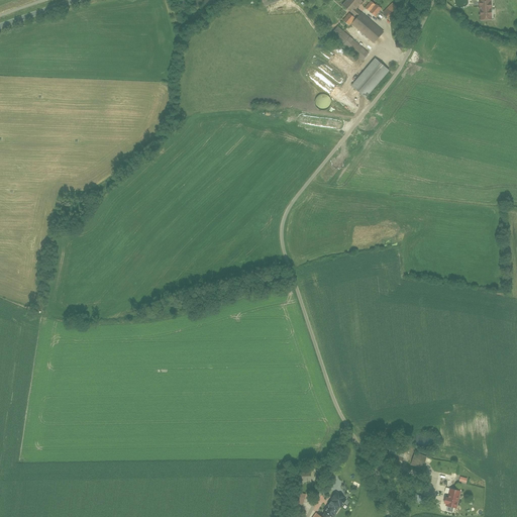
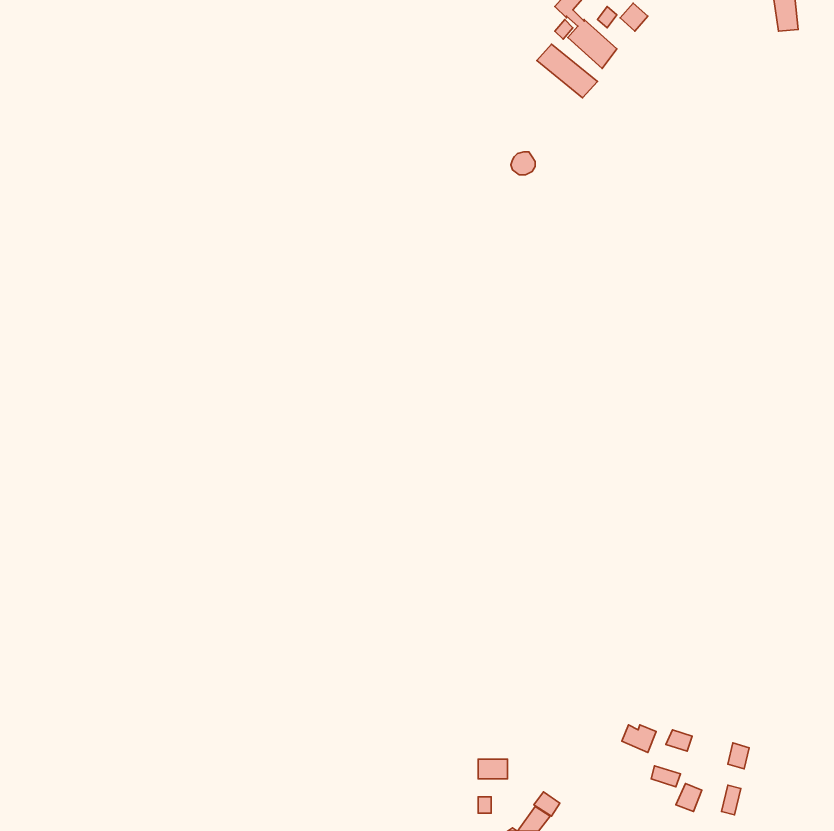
building: [352,58,390,97] -> none

